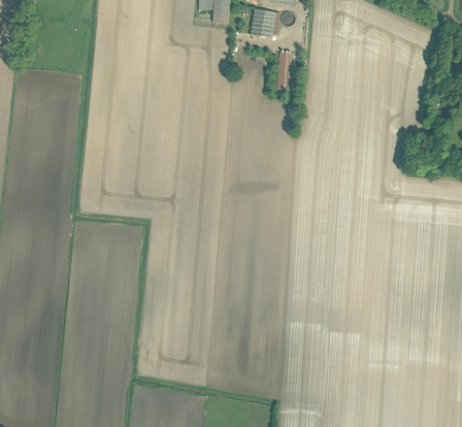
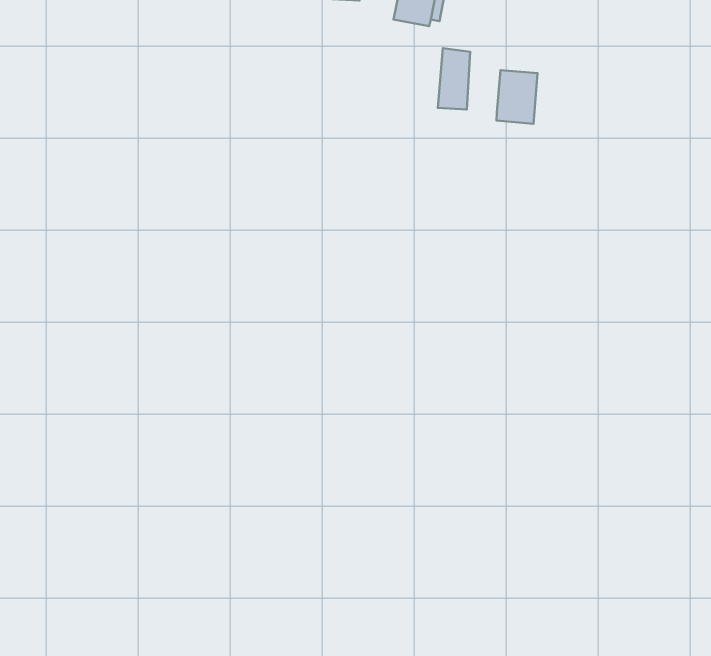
building: none -> [497,70,538,124]

